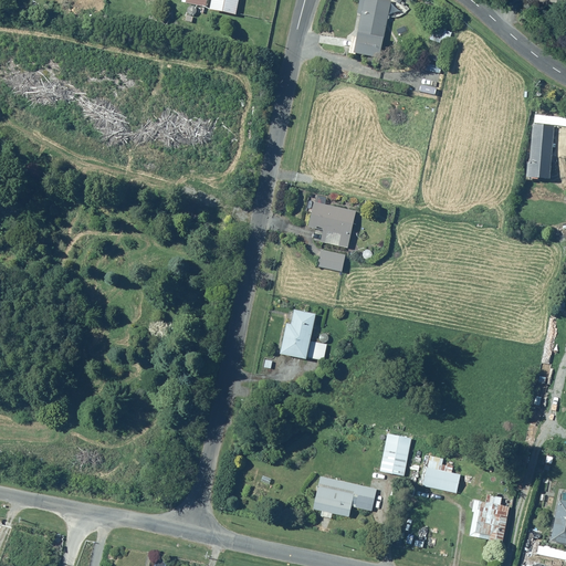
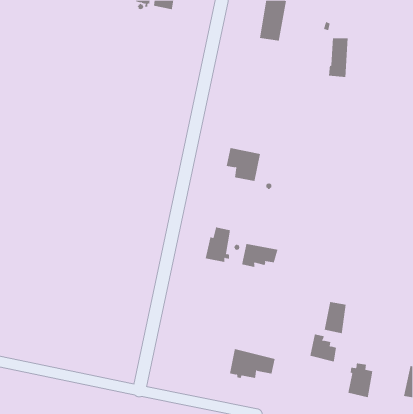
building: [526,124,554,178] -> [328,38,348,77]
building: [317,250,347,272] -> none
building: none -> [241,243,278,268]
building: [379,432,410,476] -> [324,301,347,334]

